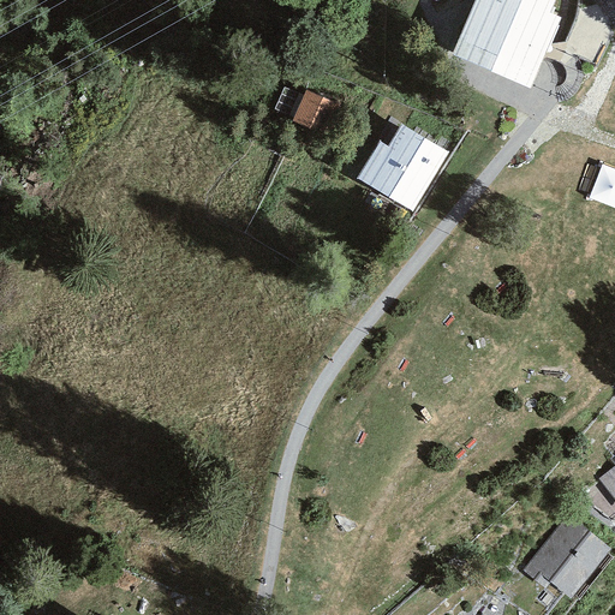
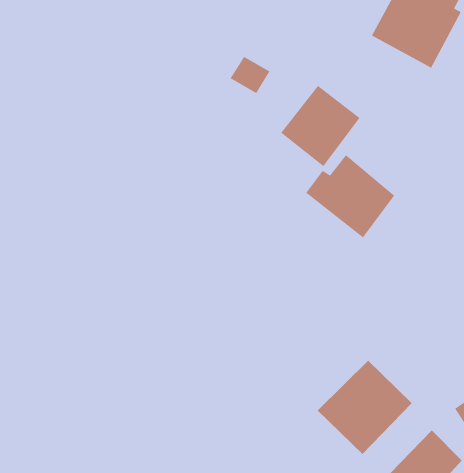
building: none -> [305,154,395,239]
building: none -> [317,360,413,455]

